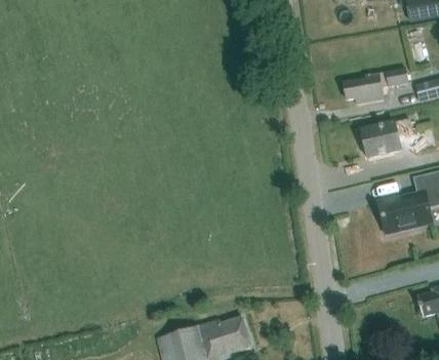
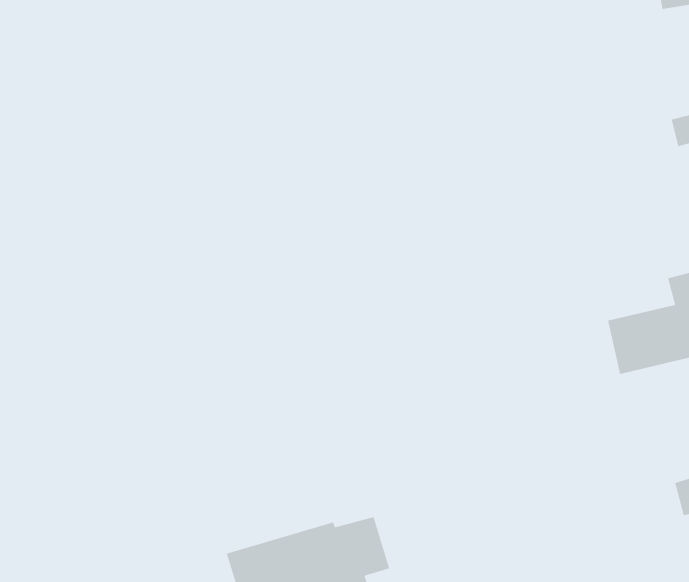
building: [343,68,407,104] -> none
building: [360,118,411,158] -> none

